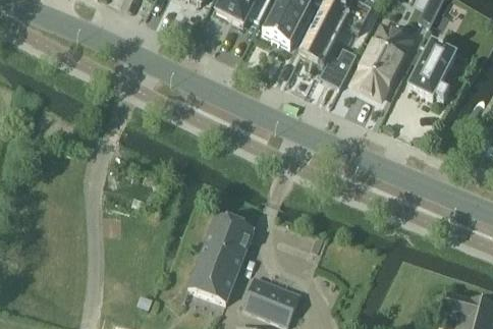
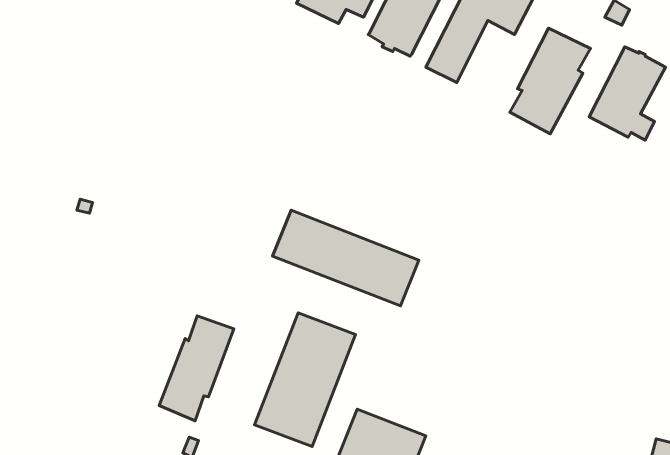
building: [320,47,358,88] -> none
building: none -> [272,210,419,306]
building: none -> [159,316,234,421]

